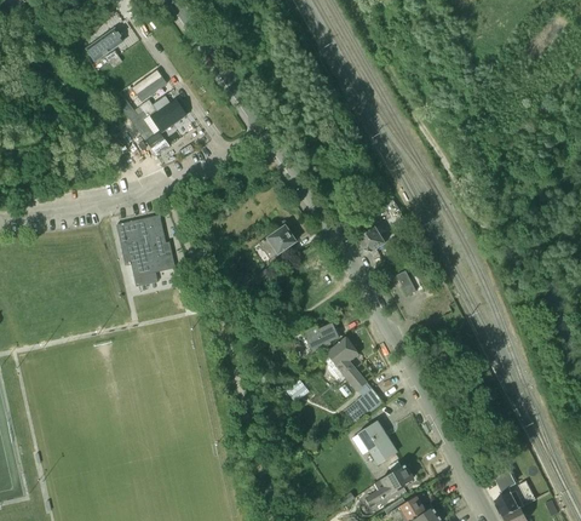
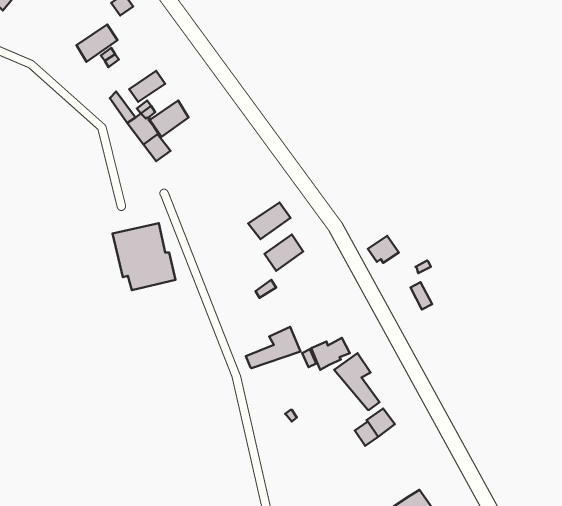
building: none -> [248,202,290,239]
building: none -> [246,327,300,368]
building: [357,419,396,463] -> none

